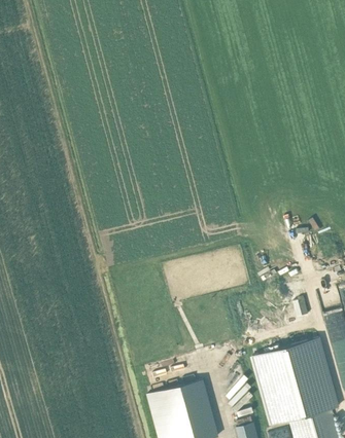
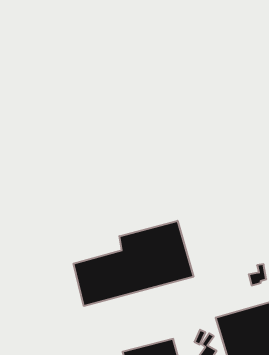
building: none -> [74,221,193,306]

